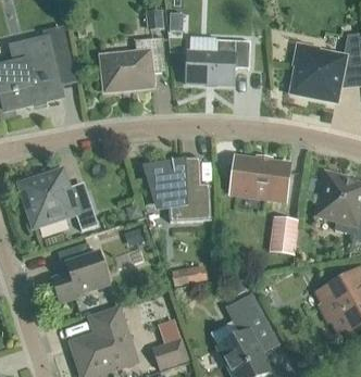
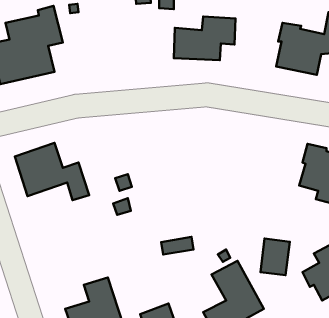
building: [101,36,166,90] -> none
building: [145,156,211,221] -> none
building: [231,156,289,199] -> none
building: [269,215,299,253] -> [260,239,290,275]
building: [51,241,109,301] -> none

